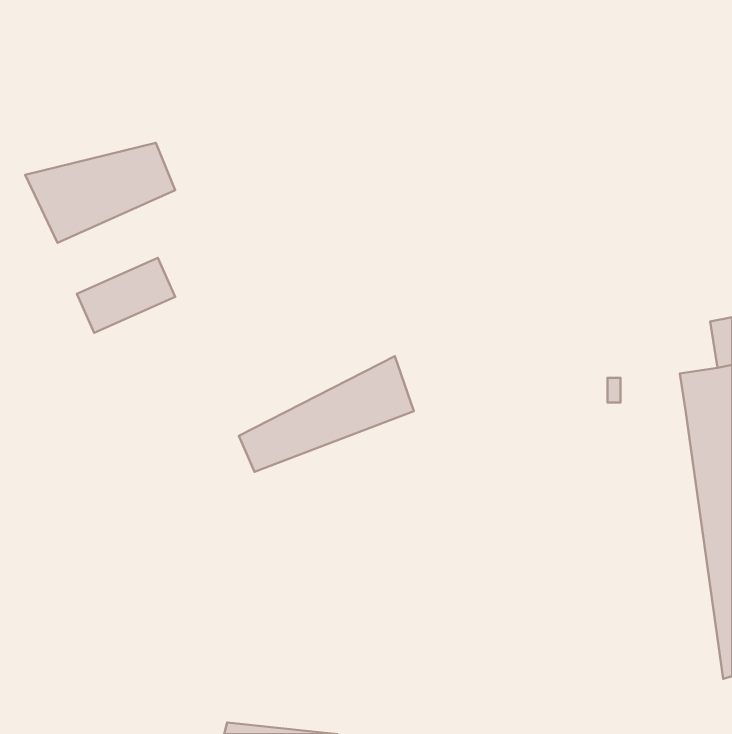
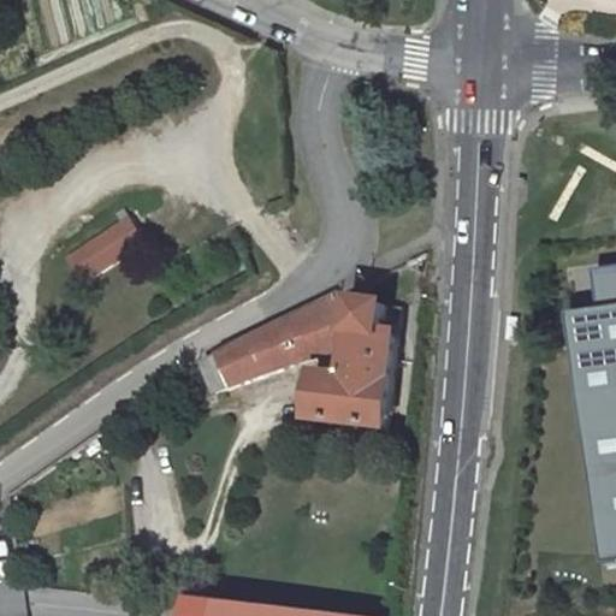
building: [25,143,175,243] -> none
building: none -> [310,300,396,425]

